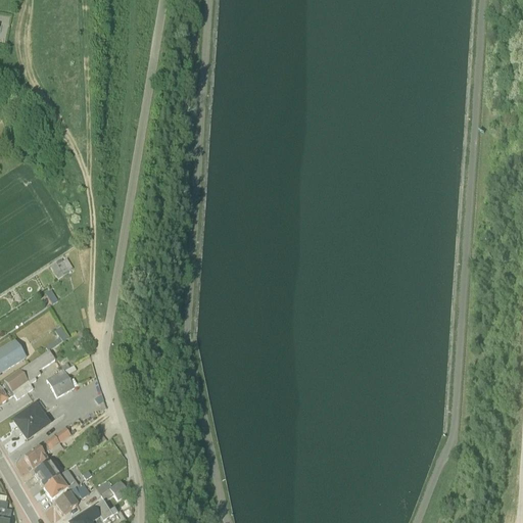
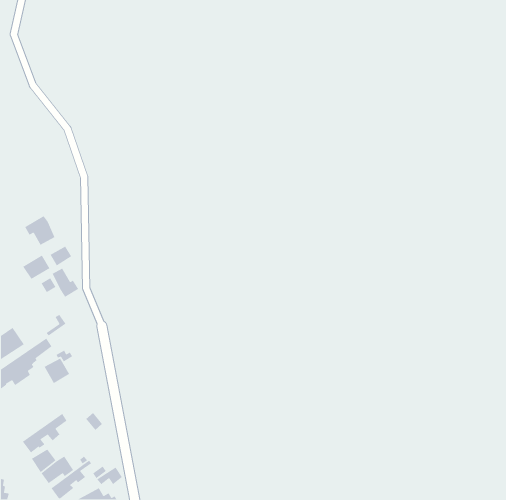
building: none -> [24,215,55,246]
building: none -> [22,254,50,280]
building: none -> [52,267,79,298]
building: [10,400,50,440] -> none

